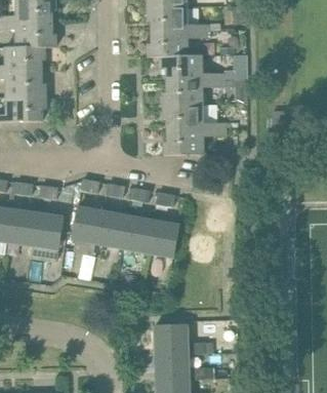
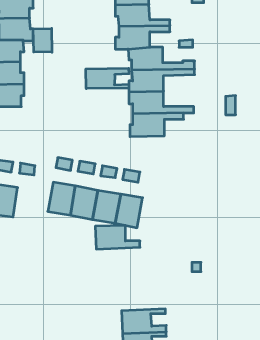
building: none -> [33,28,52,52]
building: none -> [86,68,129,89]
building: [33,212,63,248] -> none
building: [154,324,204,351] -> [95,225,140,249]

